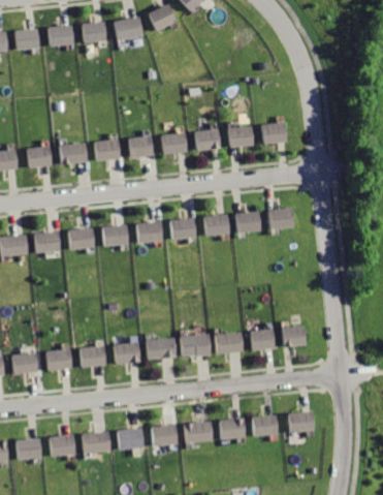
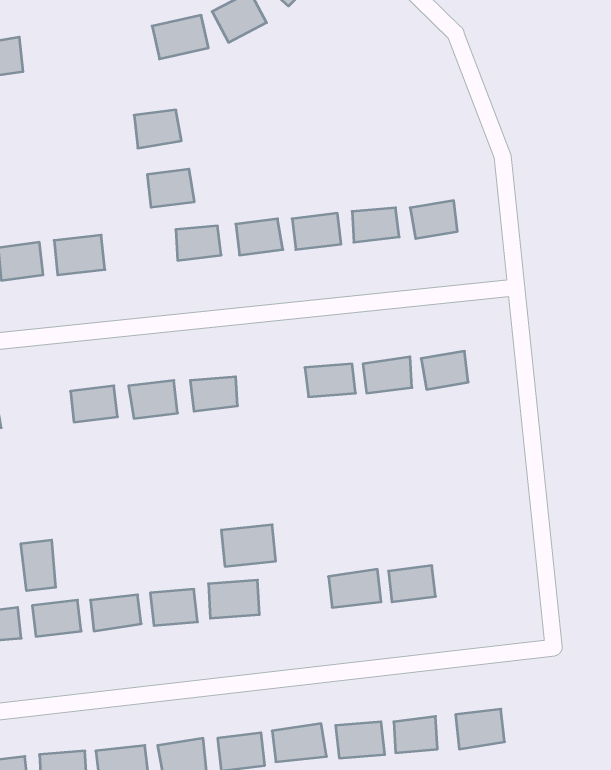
building: [81,22,107,43] -> [134,110,181,148]
building: [46,25,76,47] -> none
building: [93,140,120,161] -> [147,169,194,207]
building: [167,217,195,238] -> none
building: [34,230,61,251] -> none
building: none -> [21,540,56,591]
building: [280,327,306,346] -> none
building: [179,334,210,358] -> [221,525,276,566]

